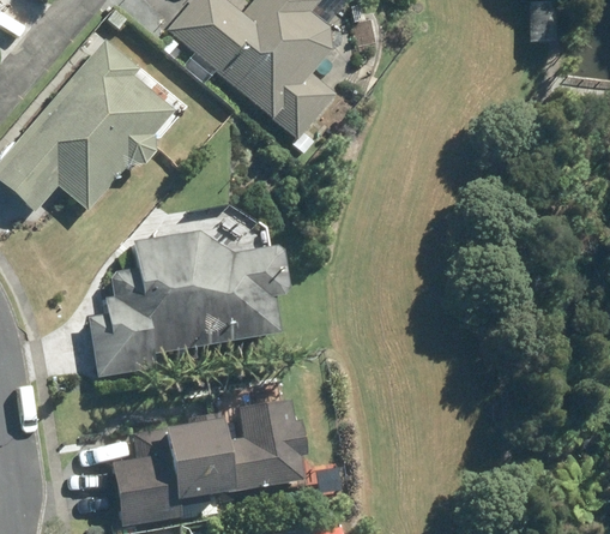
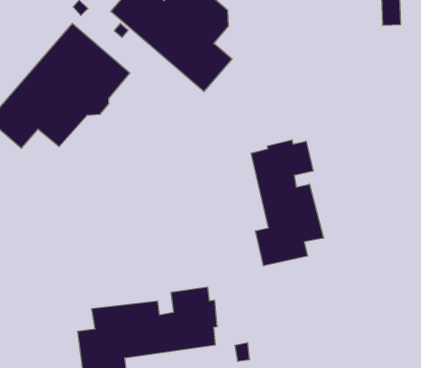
building: none -> [251,140,324,266]
building: [90,230,288,376] -> none

